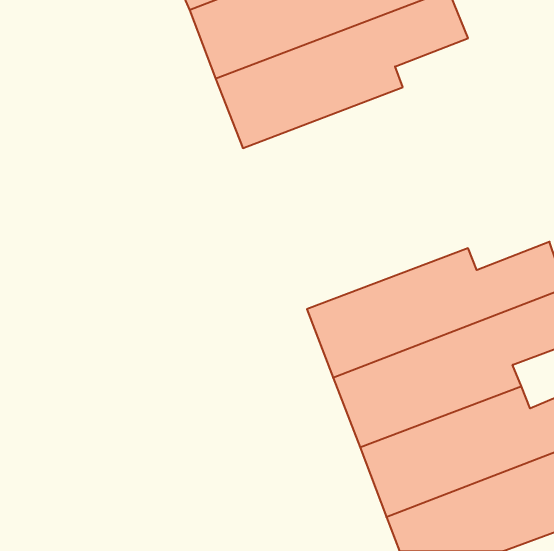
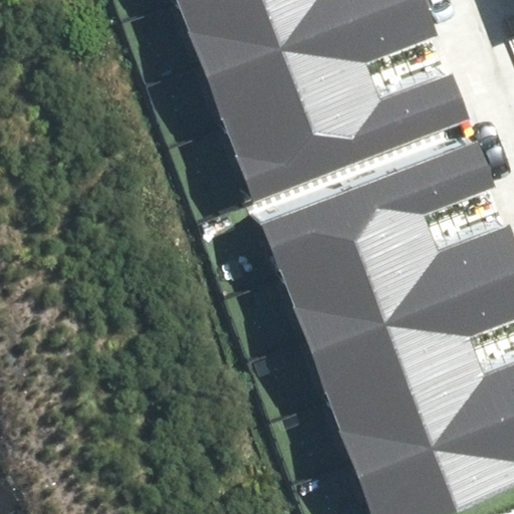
building: none -> [226,75,467,203]
building: none -> [261,140,494,285]

